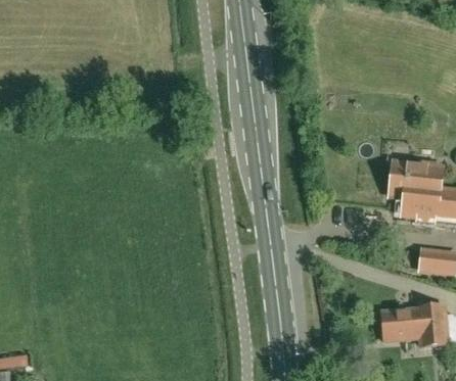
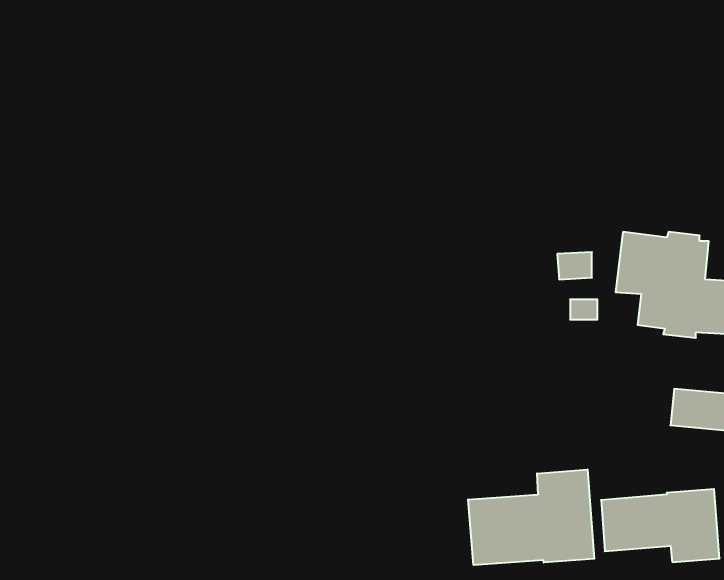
building: none -> [468,469,594,565]

